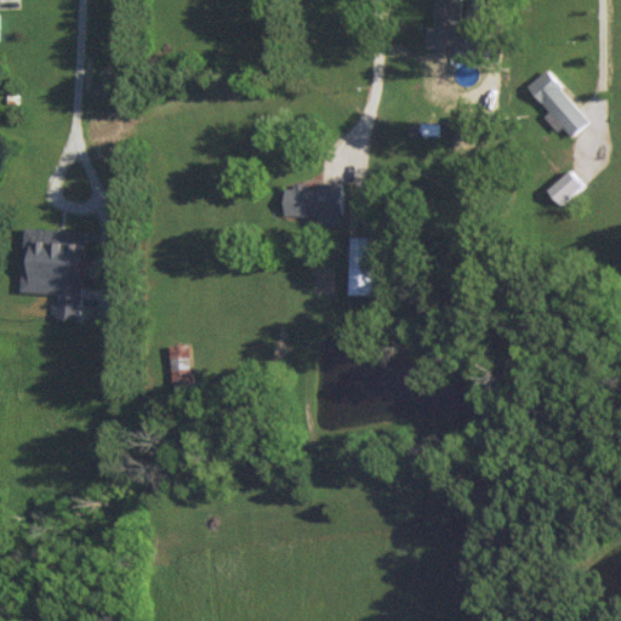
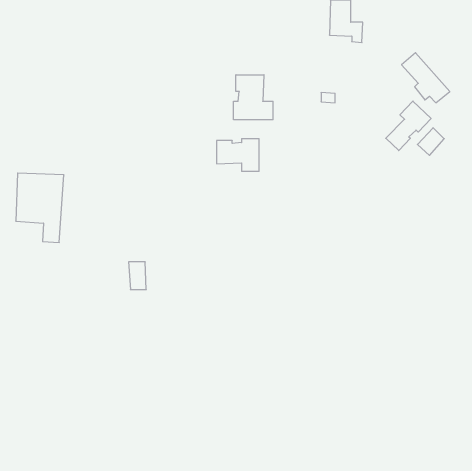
building: none -> [234,75,273,120]
building: none -> [386,101,431,151]
building: [348,238,375,296] -> none

